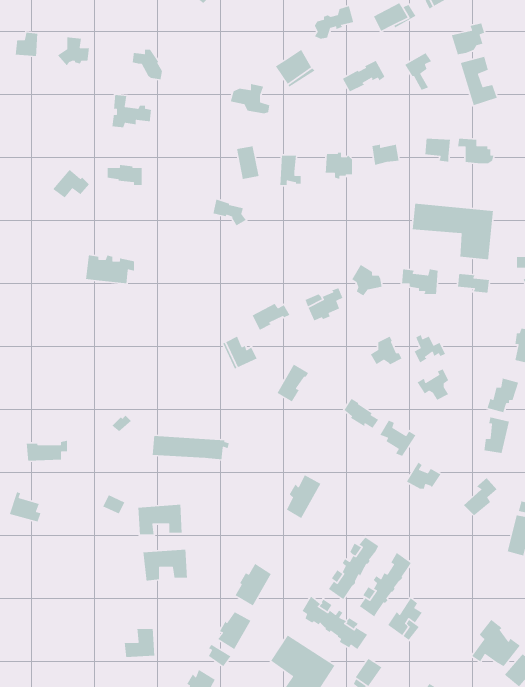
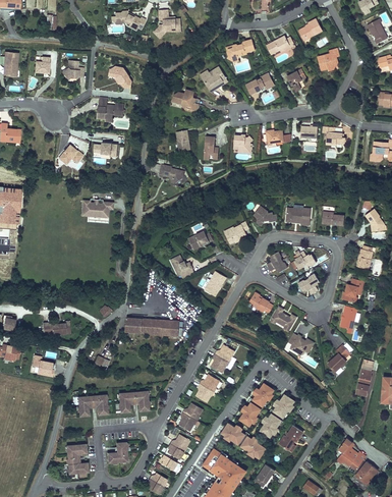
building: [460,56,498,106] -> none
building: [412,203,494,260] -> none
building: [138,504,183,535] -> [77,396,107,417]
building: none -> [195,374,220,403]
building: none -> [66,446,87,476]

